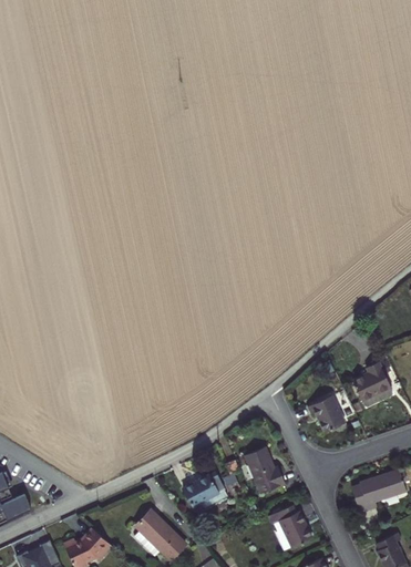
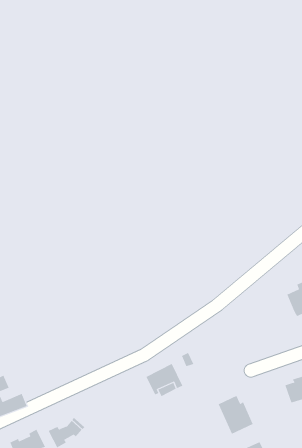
building: [310,394,345,430] -> none
building: [245,446,280,492] -> none
building: [134,506,181,556] -> none

